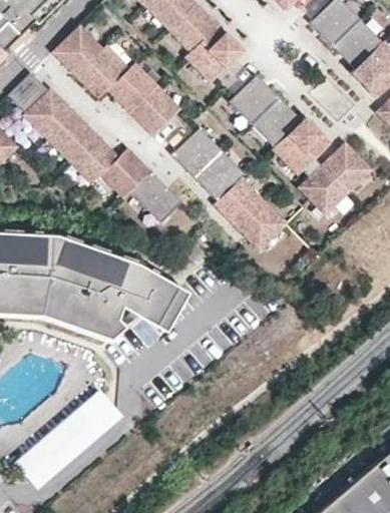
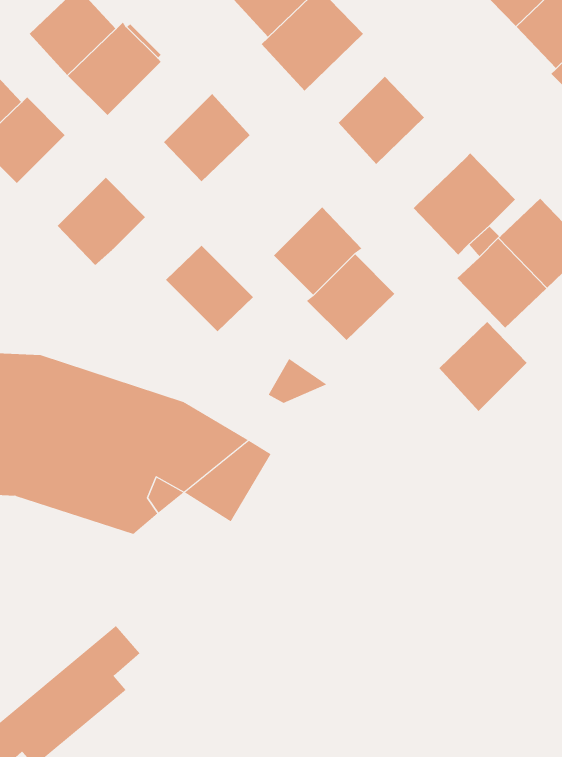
building: [105,61,156,112] -> none
building: [251,98,302,148] -> none
building: [44,108,95,160] -> none
building: [168,126,220,177] -> none
building: [99,146,150,198] -> none
building: [234,199,285,251] -> [438,321,527,412]

